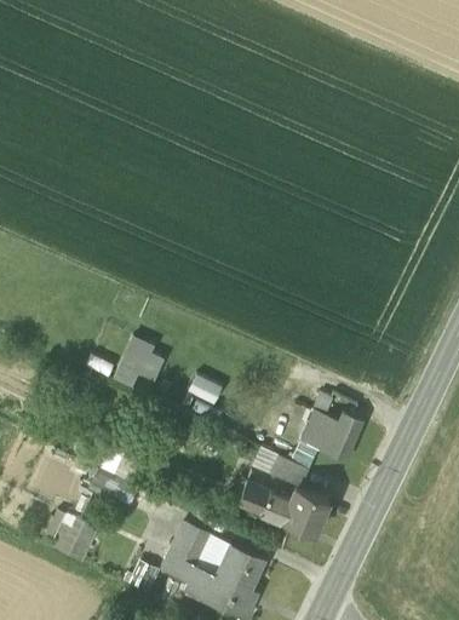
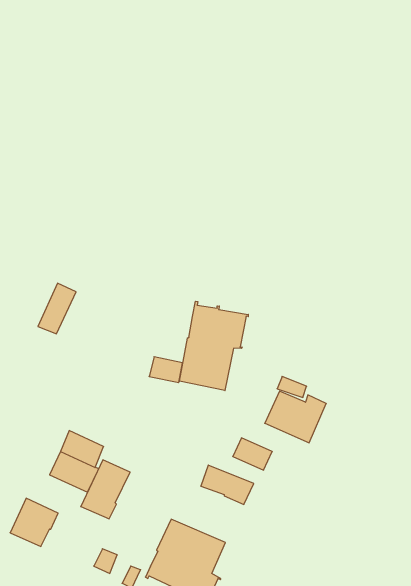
building: none -> [180,301,248,391]
building: [115,338,153,388] -> [38,283,76,334]
building: [280,487,328,535] -> none
building: [160,523,208,581] -> [81,460,130,519]

